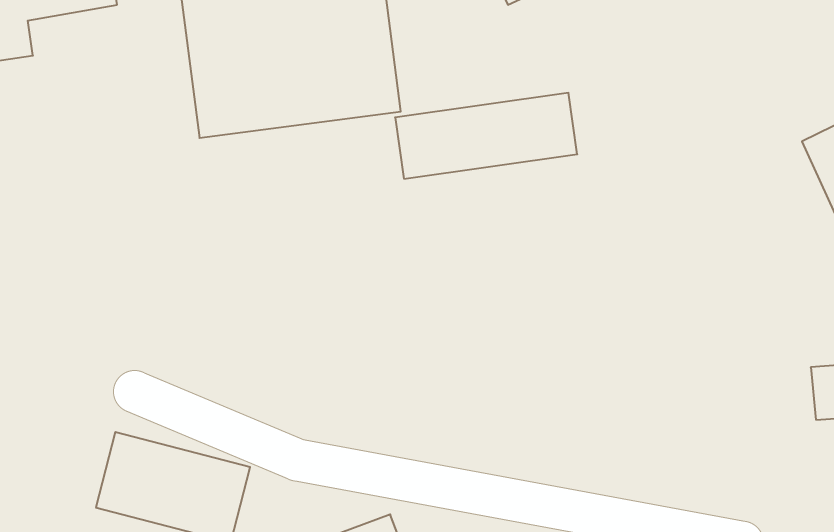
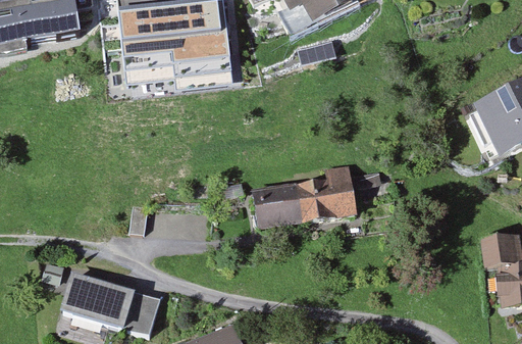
building: [395,93,577,179] -> [253,184,359,234]

